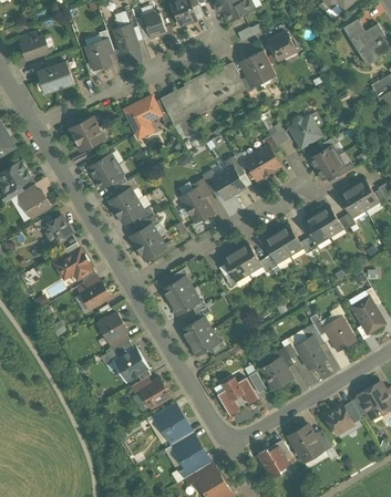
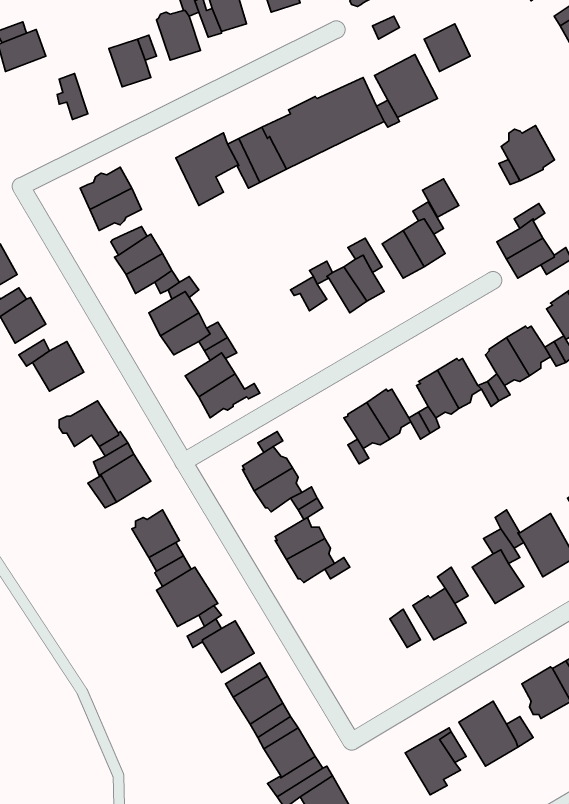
building: [37,64,64,94] -> none
building: [289,115,320,147] -> [501,125,555,181]
building: [182,188,210,220] -> none
building: [216,376,257,415] -> none

